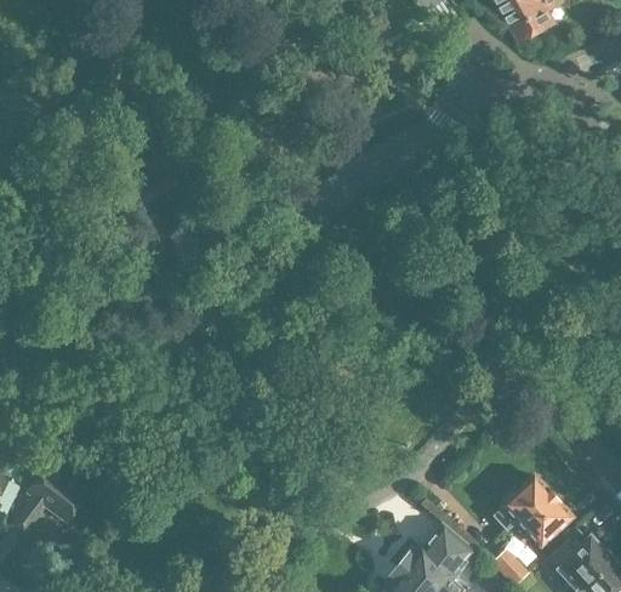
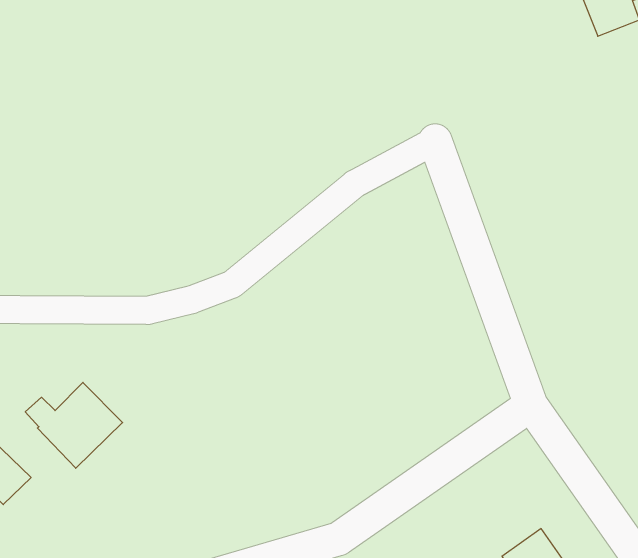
building: none -> [25,382,123,468]

